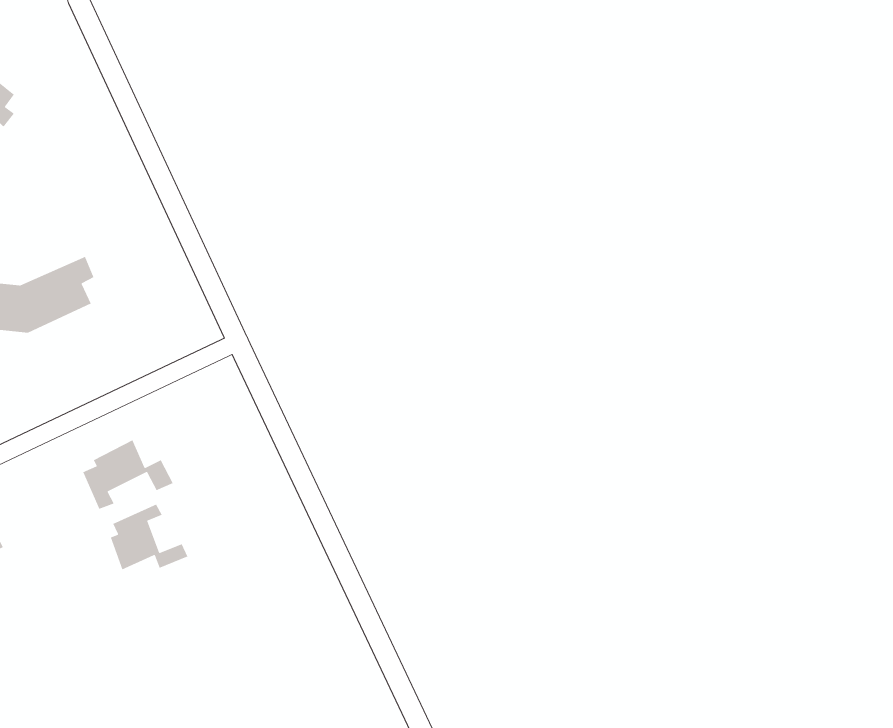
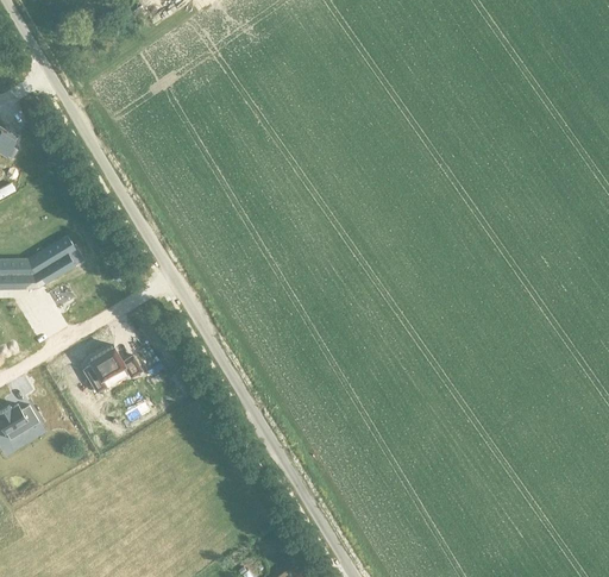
building: [110,504,189,570] -> none

